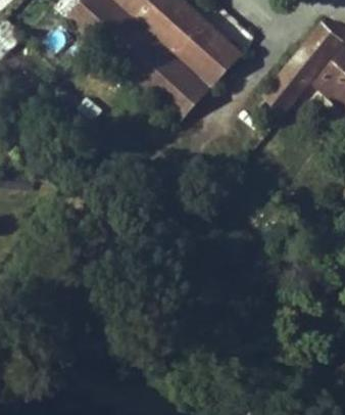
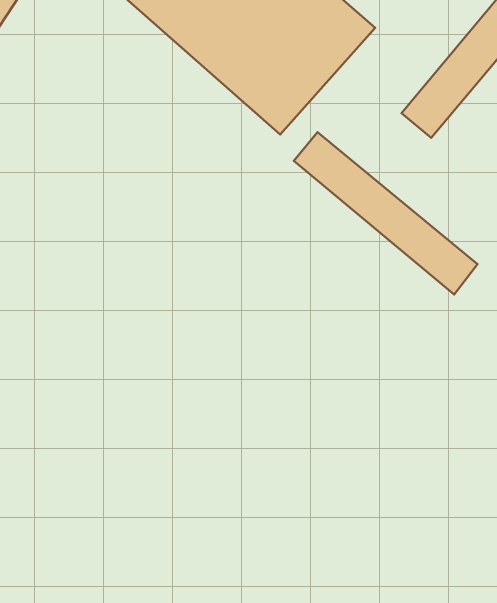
building: none -> [294,132,477,295]

